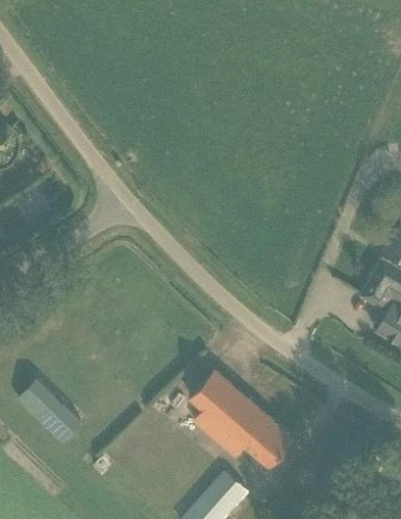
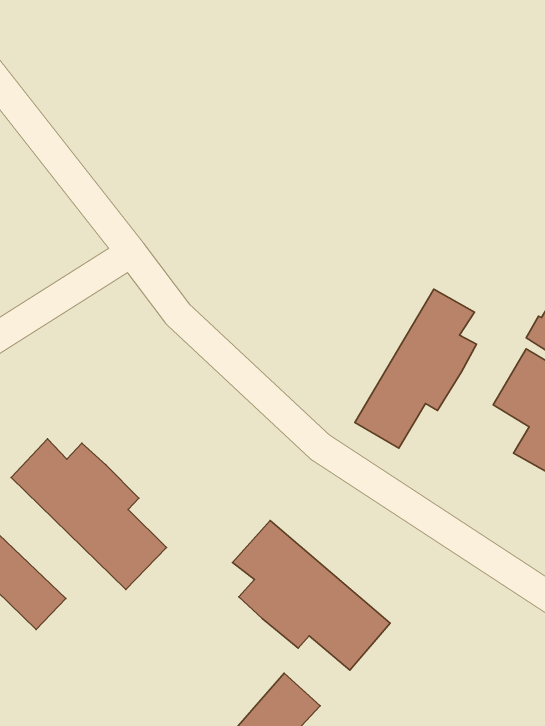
building: none -> [355,289,476,448]
building: none -> [11,439,166,589]

